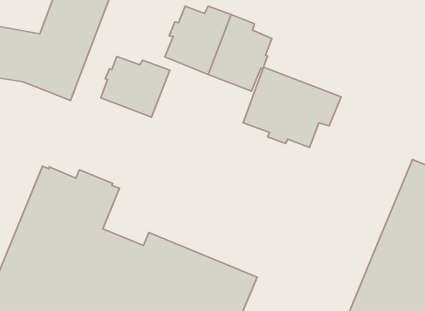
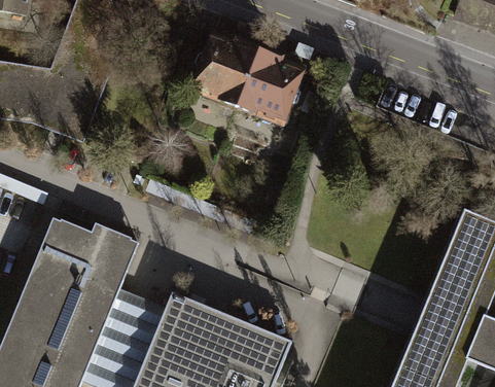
building: [101,56,170,117] -> none
building: [243,67,341,148] -> none

